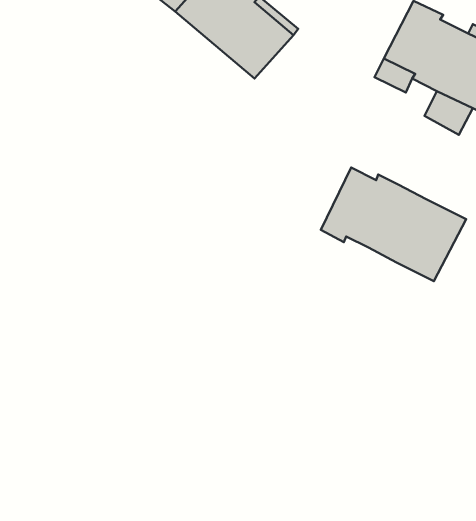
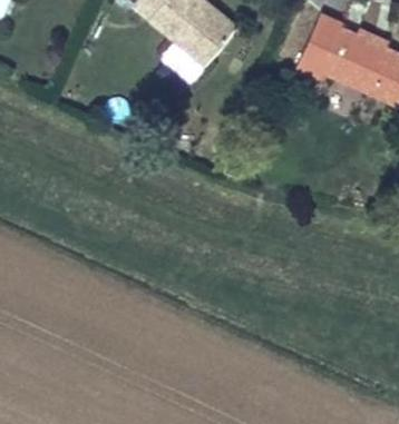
building: [321,168,466,281] -> none

